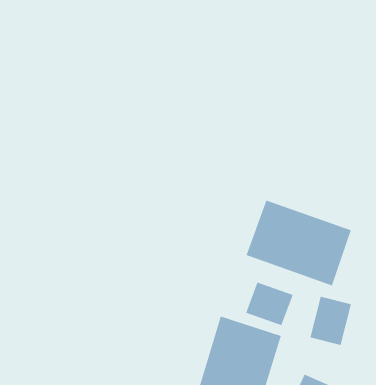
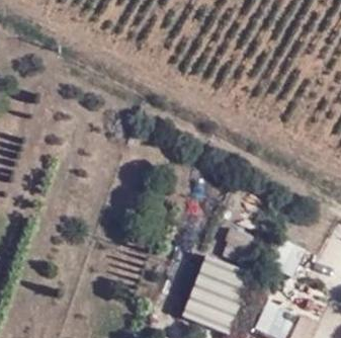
building: [246,200,352,286] -> none

